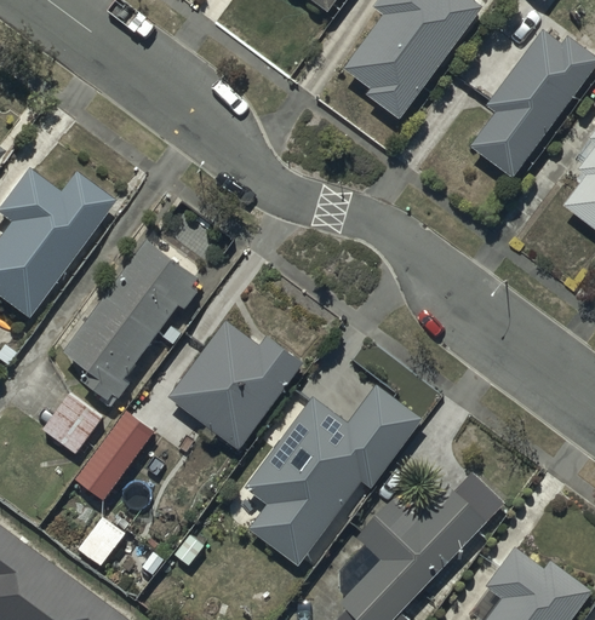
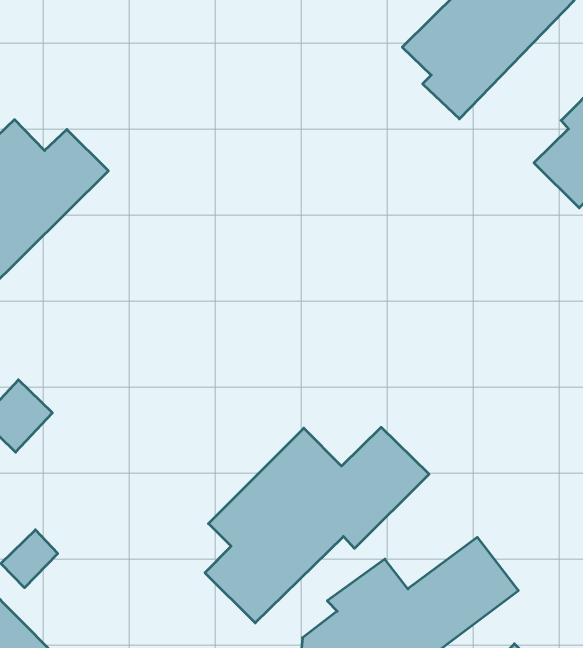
building: [64,237,198,408] -> none
building: [167,320,302,449] -> none
building: [75,412,153,499] -> none

